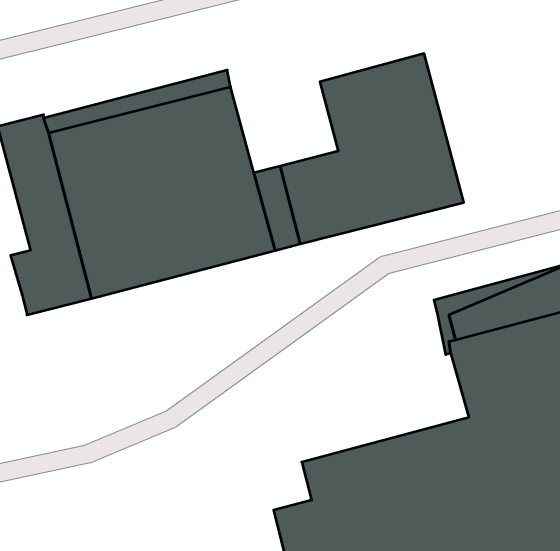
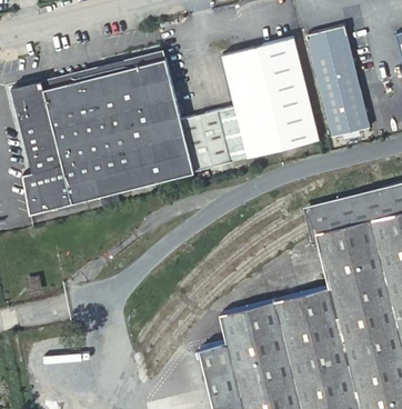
building: none -> [311,29,373,139]

